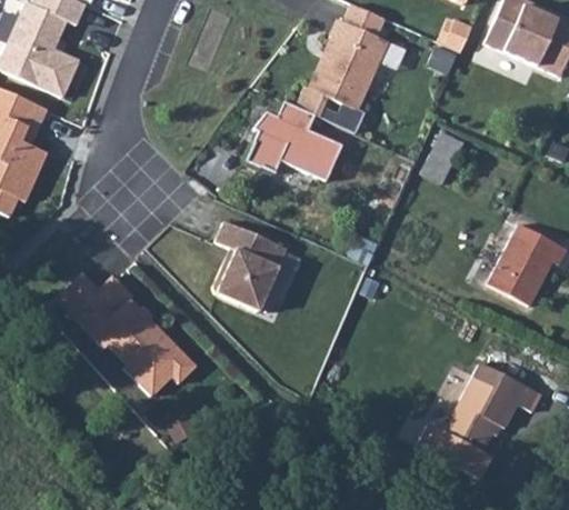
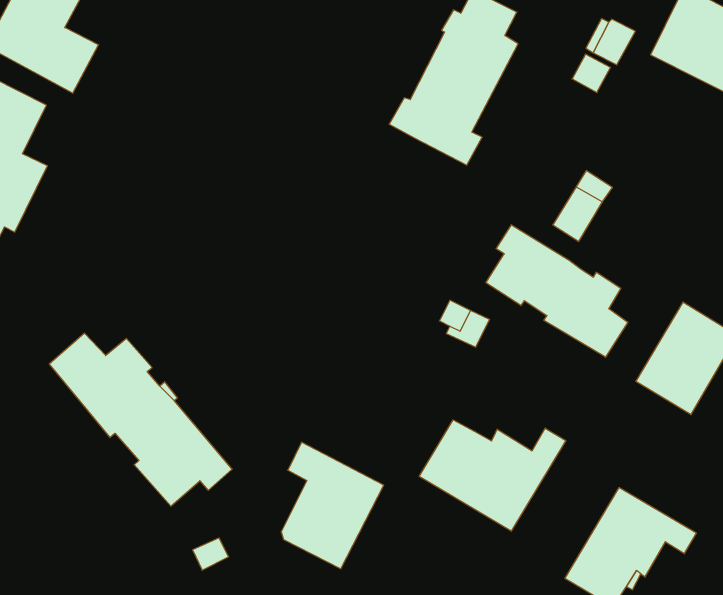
building: [244,101,341,181] -> none
building: none -> [486,225,628,357]
building: [213,221,287,312] -> [281,442,384,569]
building: none -> [419,420,566,531]

